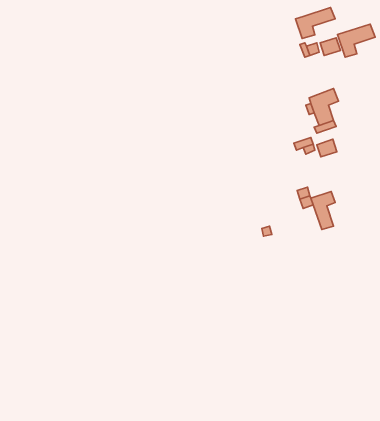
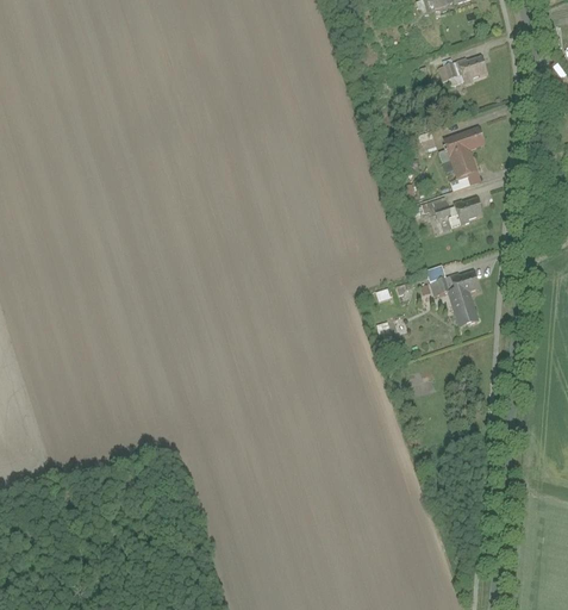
building: [295,8,335,38] -> none
building: [338,24,375,57] -> none

